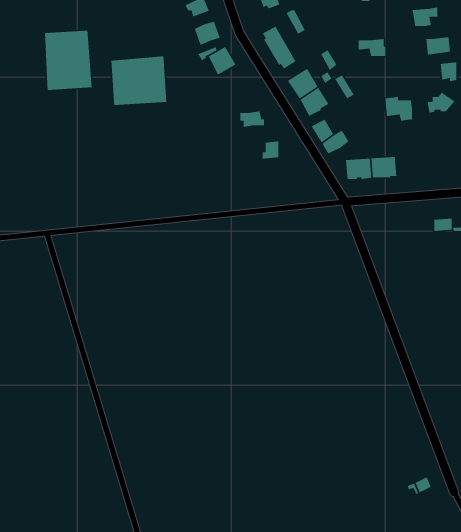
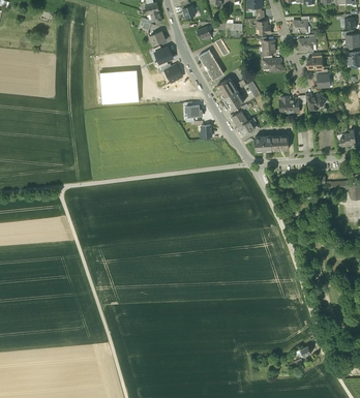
building: [44,30,92,91] -> none

